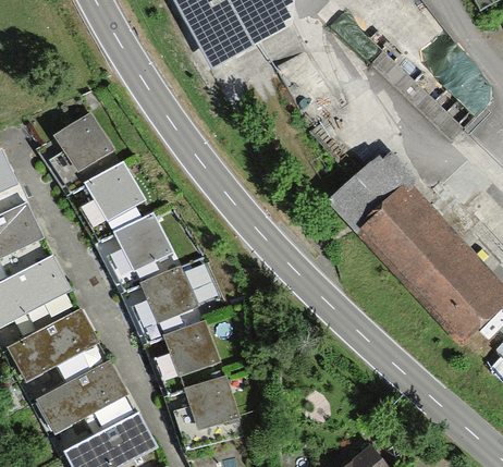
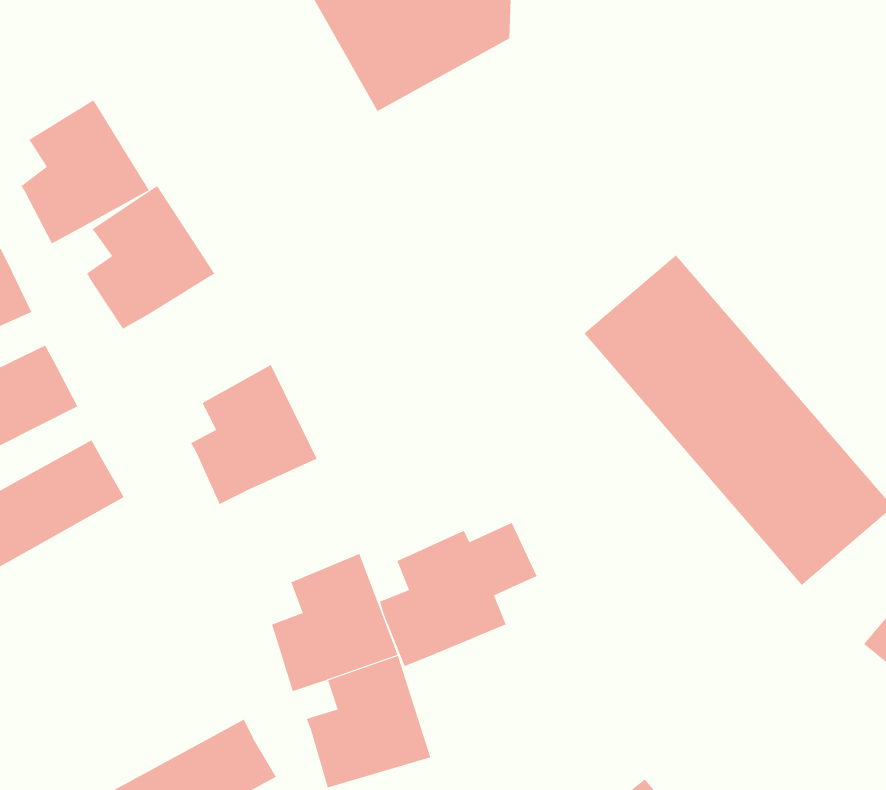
building: [81,162,154,244] -> [21,99,150,244]
building: [132,262,221,344] -> [379,522,537,667]
building: [7,308,99,384] -> none
building: [36,360,128,435] -> none

